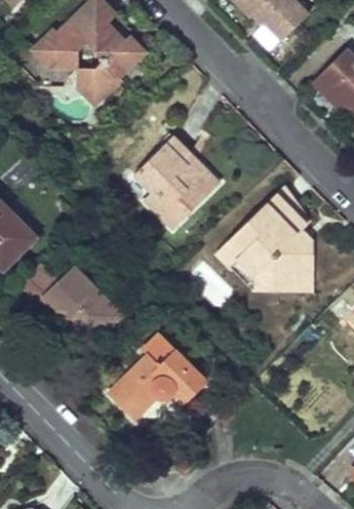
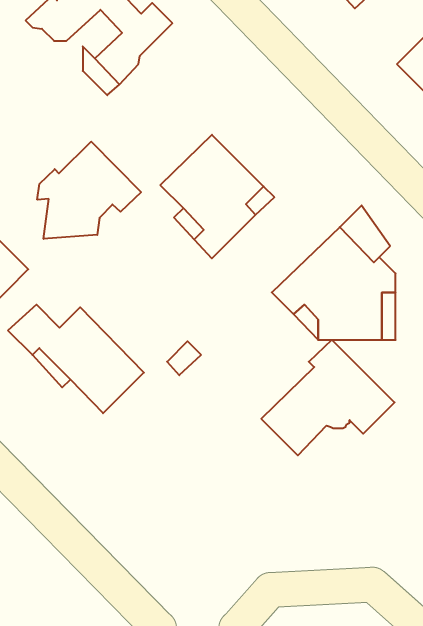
building: none -> [37,142,141,239]
building: [107,332,207,420] -> [261,340,395,455]

